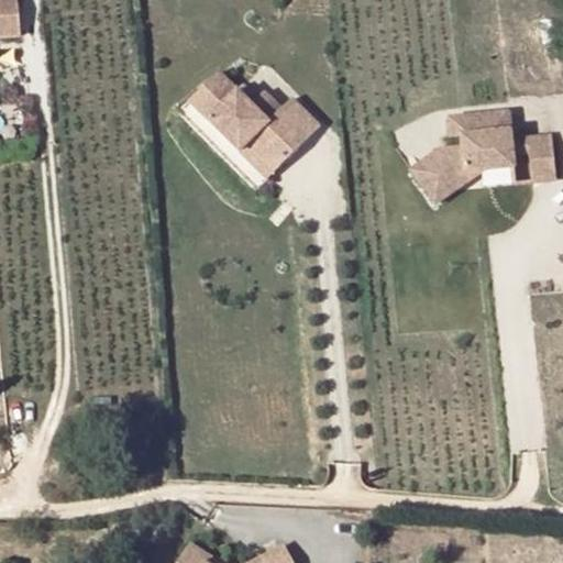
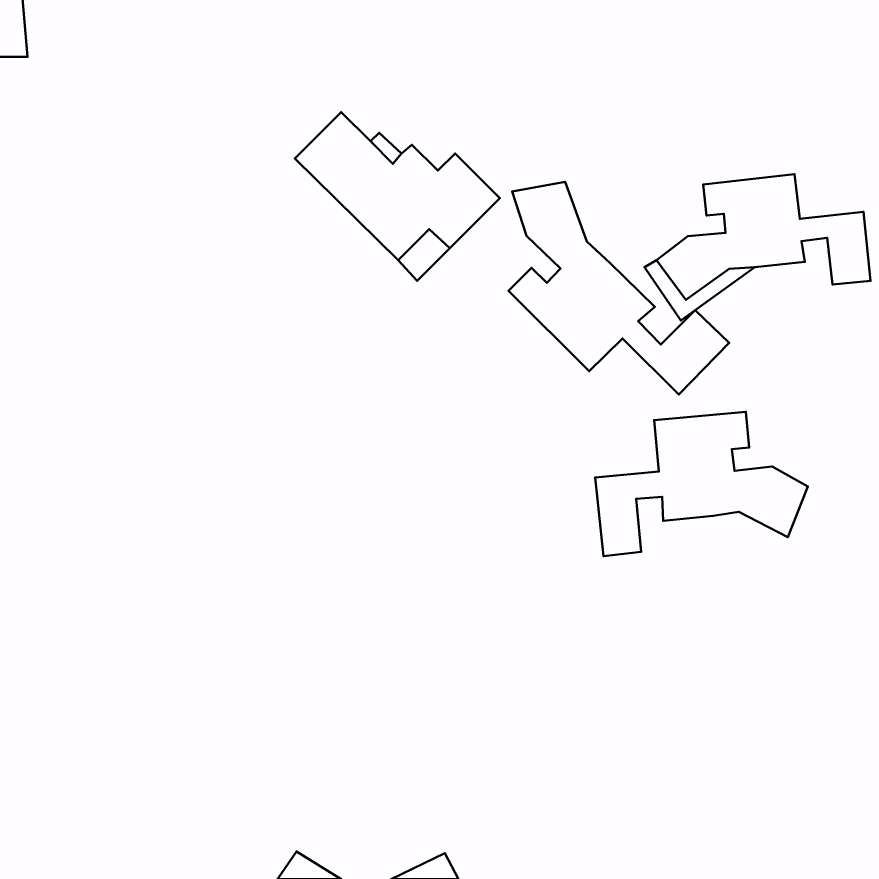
building: none -> [509,182,729,394]
building: none -> [595,412,808,556]

